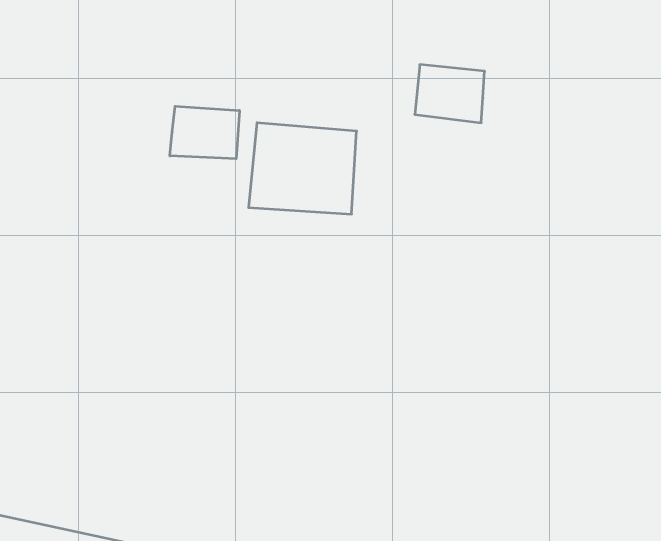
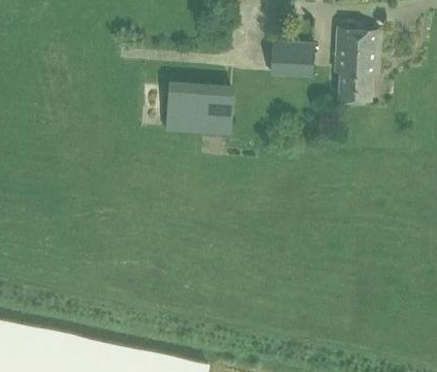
building: none -> [336,29,381,99]
building: [170,106,239,159] -> none

